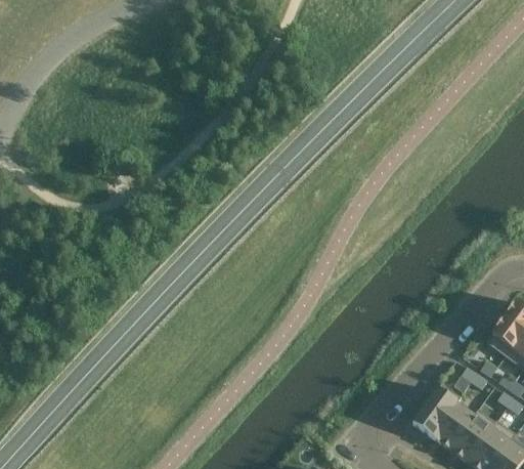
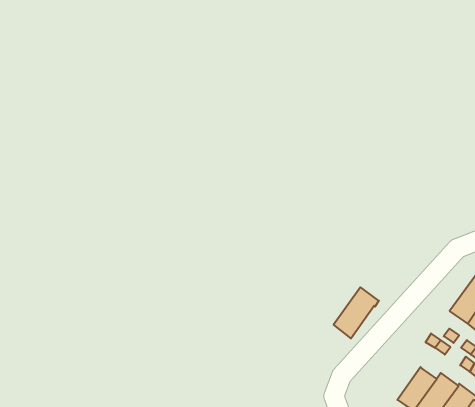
building: [412,383,461,437] -> [334,287,379,338]

